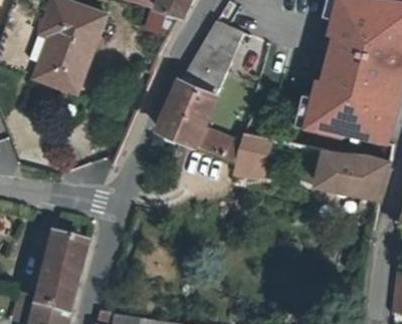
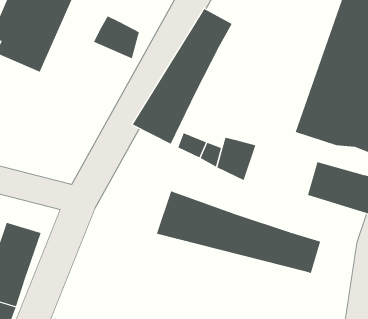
building: none -> [93,16,139,59]
building: none -> [156,190,321,274]

